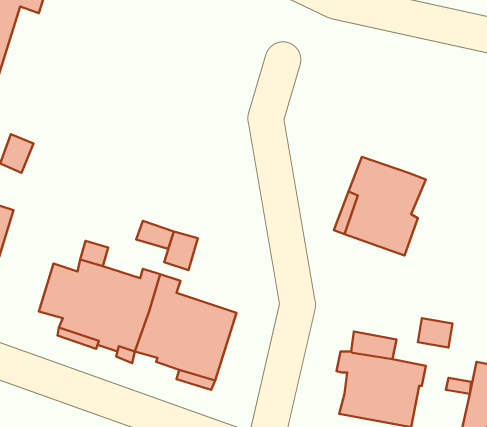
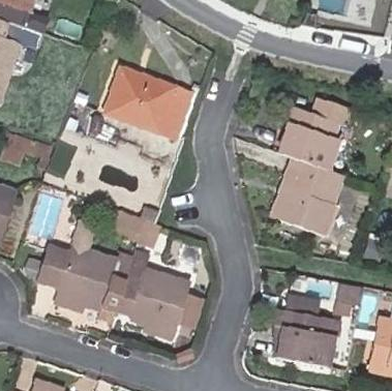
building: none -> [103,61,198,137]
building: none -> [277,100,349,173]

